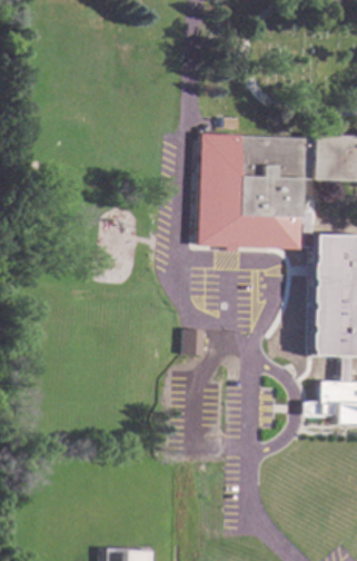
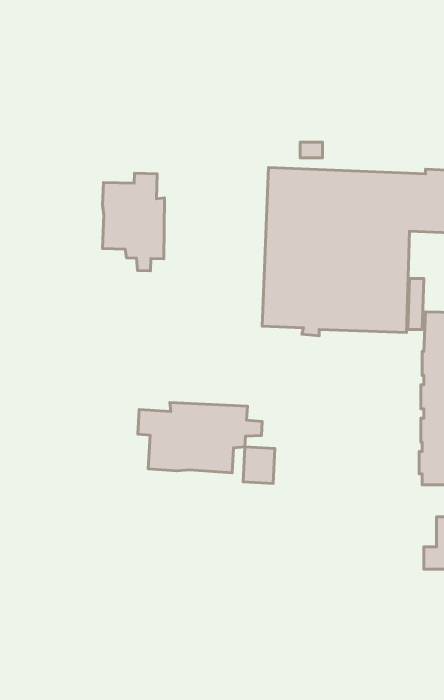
building: none -> [103,173,164,271]
building: none -> [138,403,262,473]

